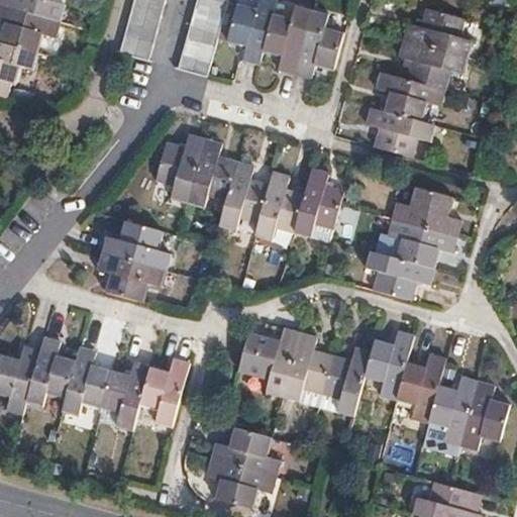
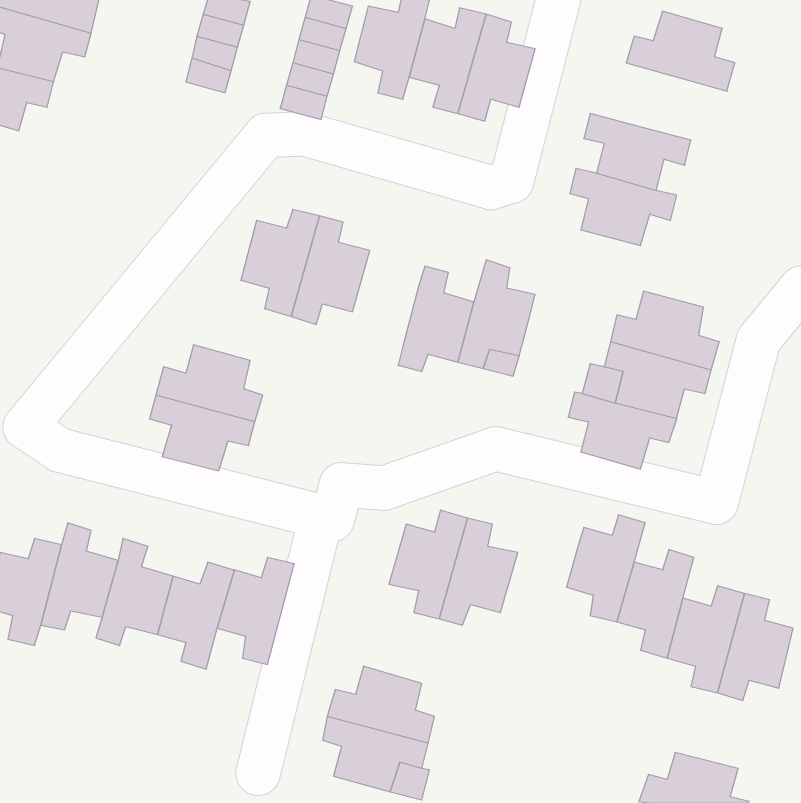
building: [397,40,467,90] -> none
building: [219,161,269,229] -> none
building: [321,346,371,416] -> none

